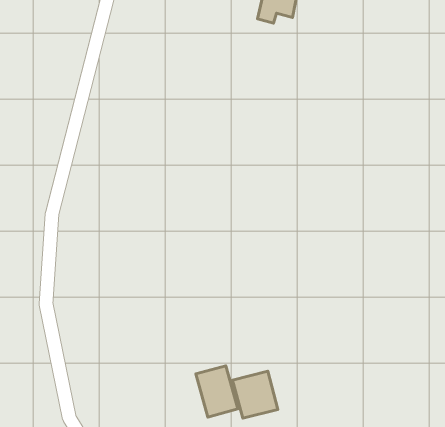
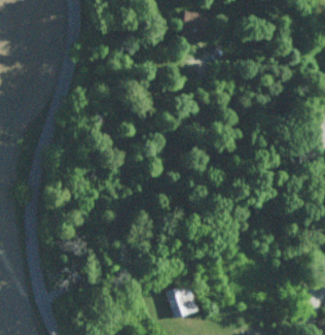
building: [196,366,238,417] -> none

